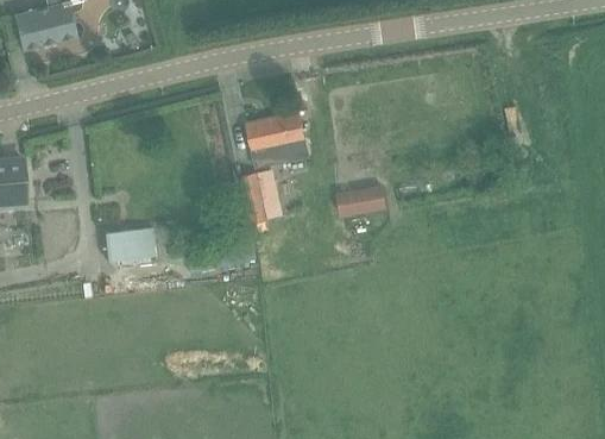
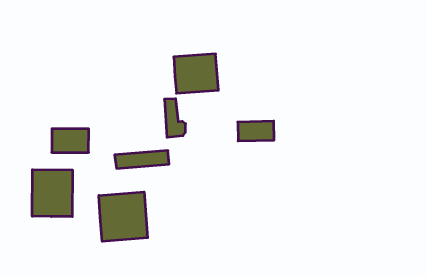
building: none -> [32,170,72,217]
building: none -> [99,192,148,241]

